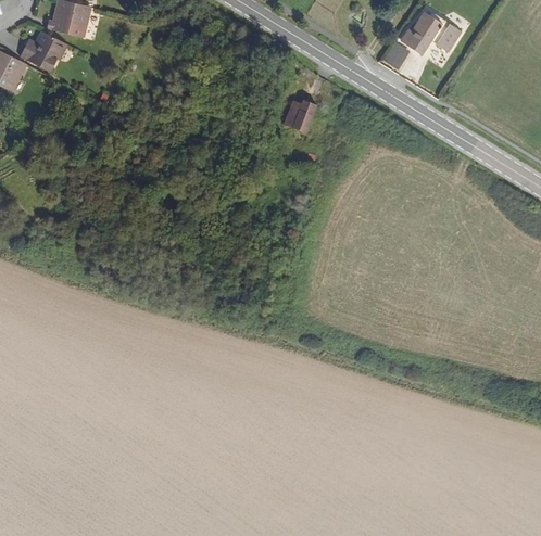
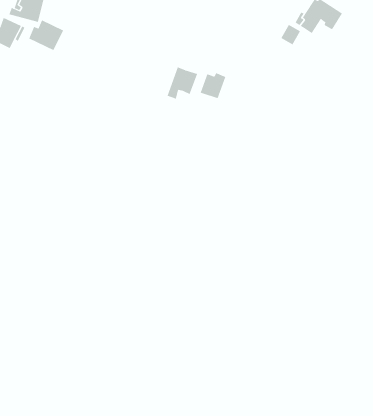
building: none -> [28,20,64,51]
building: none -> [167,67,198,99]

